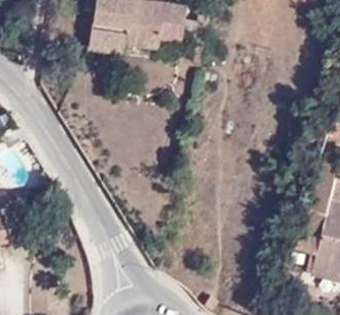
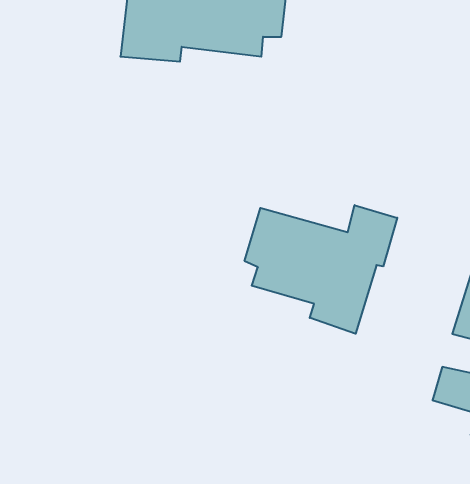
building: none -> [245,205,397,334]

